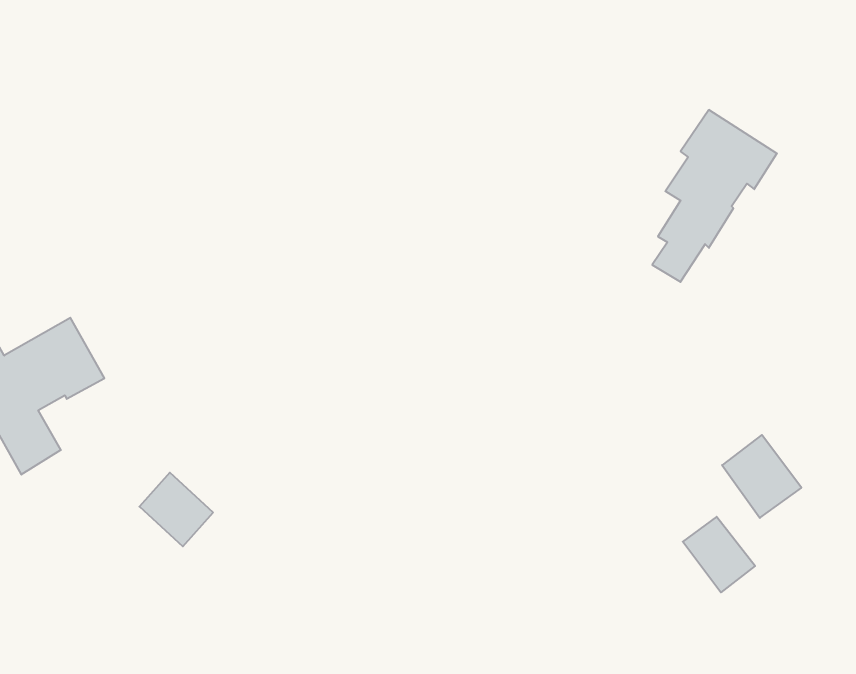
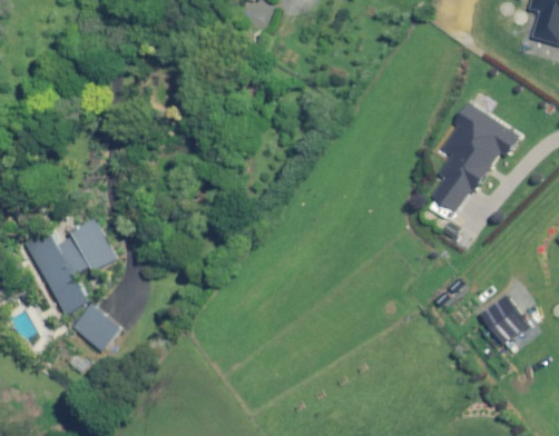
building: [139,473,213,546] -> [76,308,119,351]
building: [683,517,755,592] -> none

